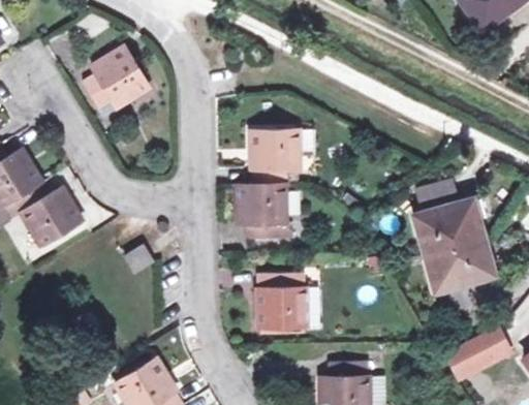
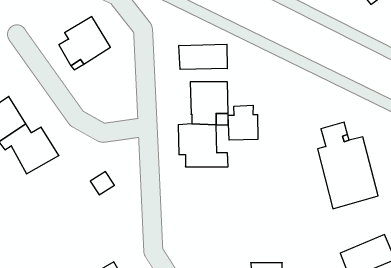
building: none -> [179,44,227,69]
building: none -> [228,105,258,140]
building: [259,273,306,328] -> none

